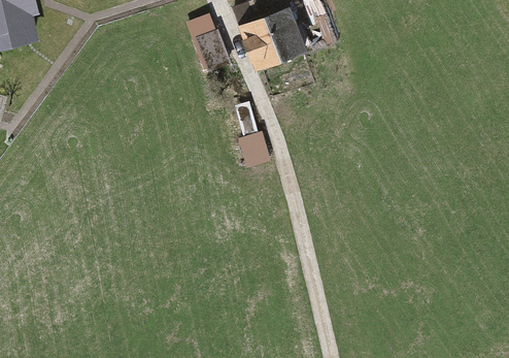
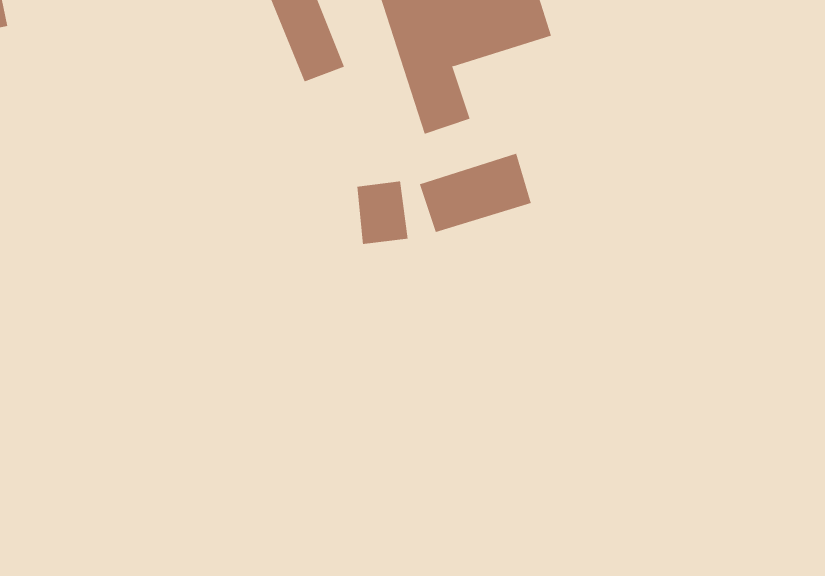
building: none -> [419,153,531,233]

